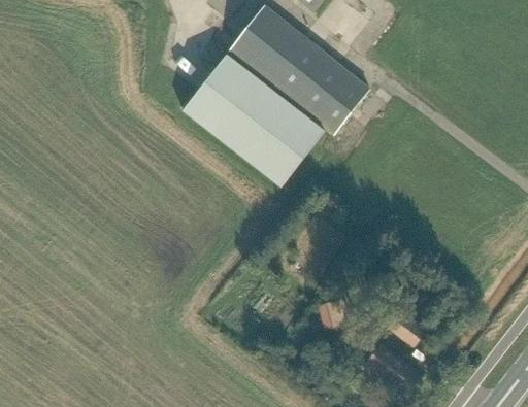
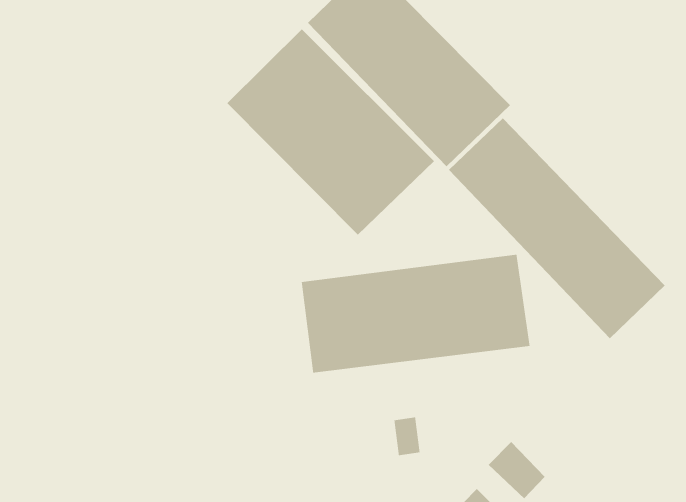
building: none -> [448,117,665,339]
building: none -> [301,254,530,373]

